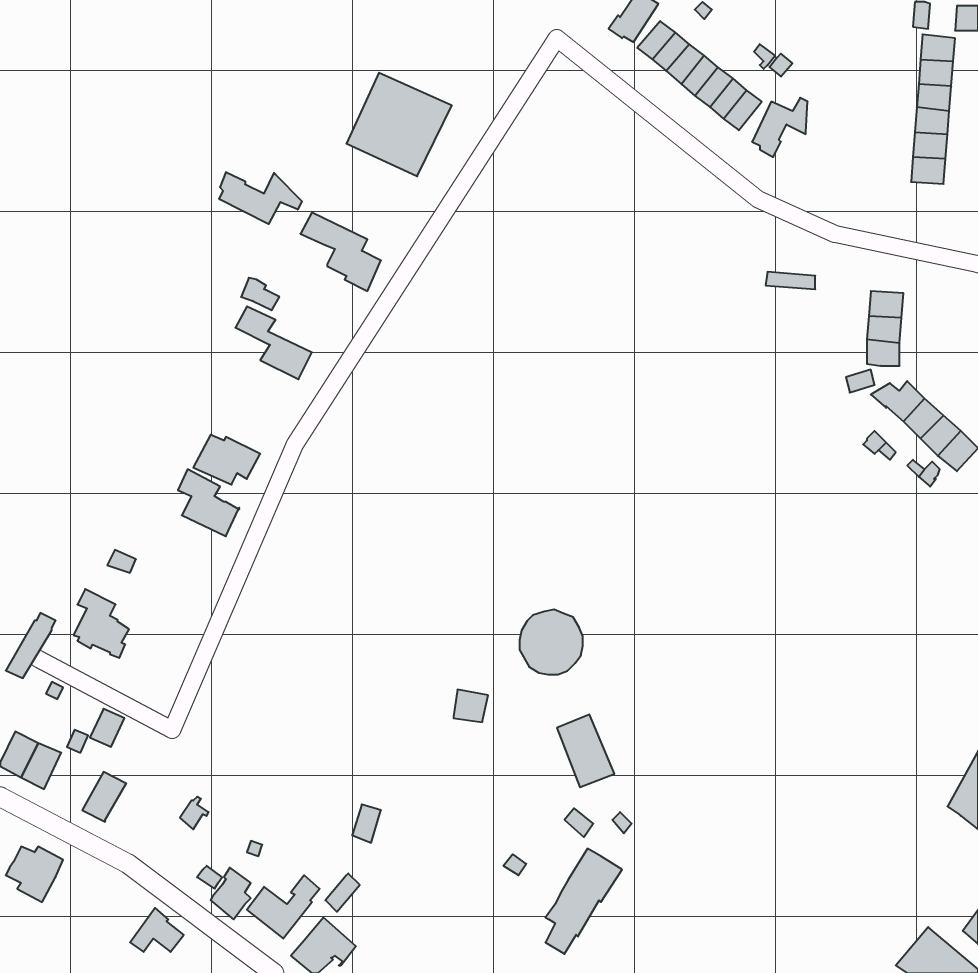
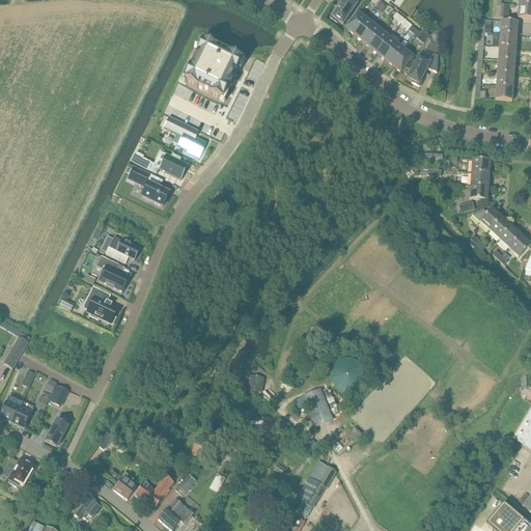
building: [219,172,302,224] -> none
building: none -> [160,152,188,177]
building: [74,589,129,658] -> [87,285,117,323]
building: [520,610,583,675] -> [330,356,364,391]

